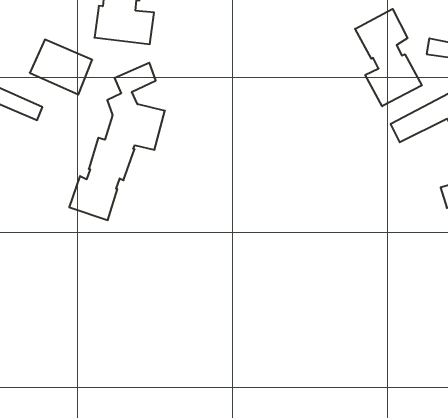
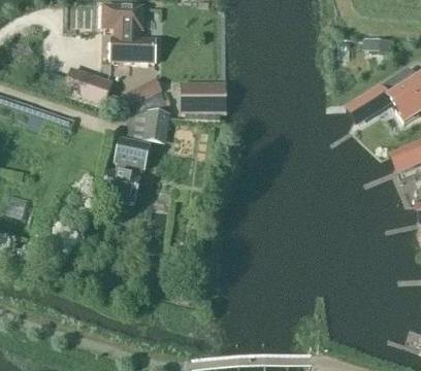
building: [355,9,422,106] -> none
building: none -> [182,80,227,117]

